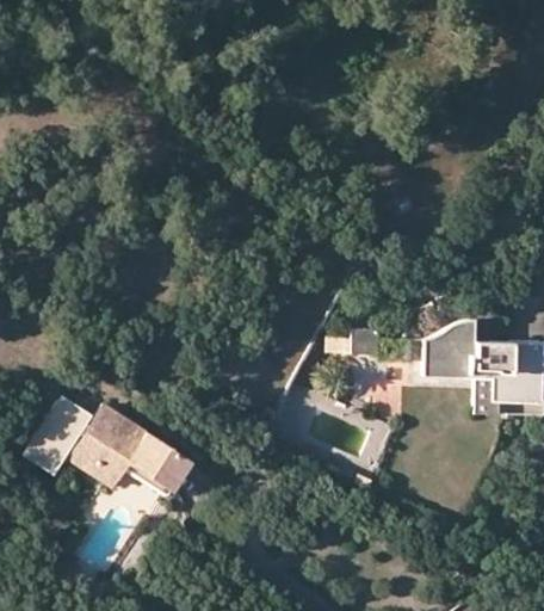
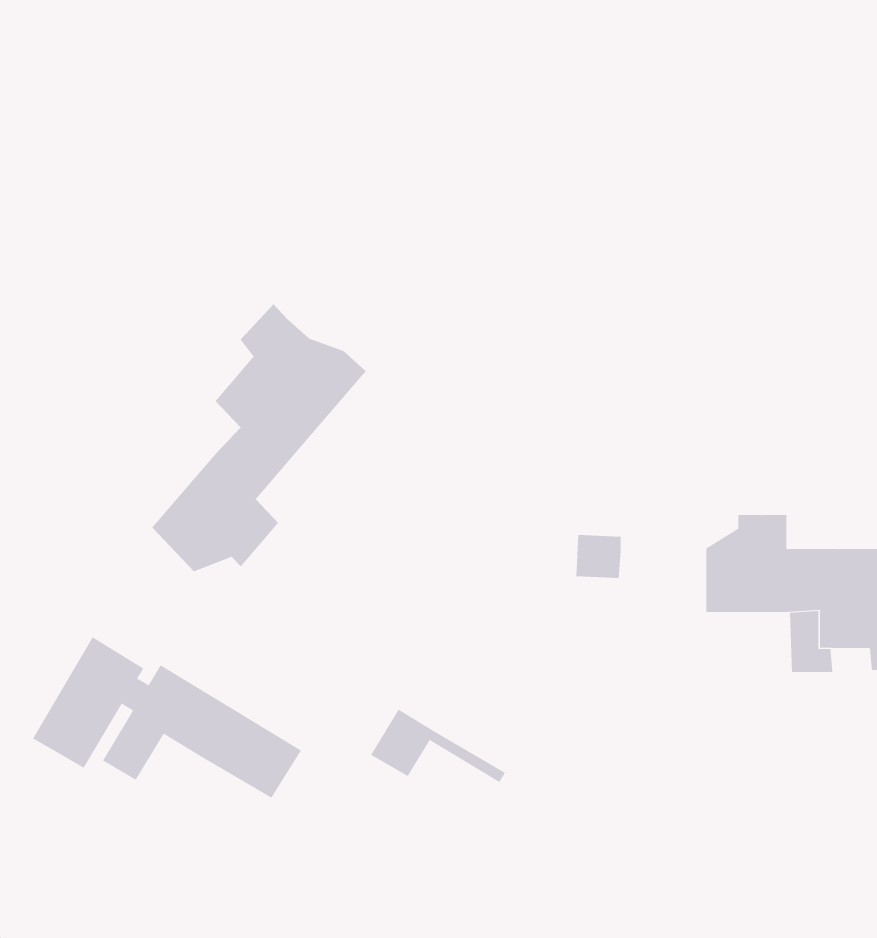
building: none -> [152,304,366,572]
building: [88,450,169,494] -> [370,709,506,783]

